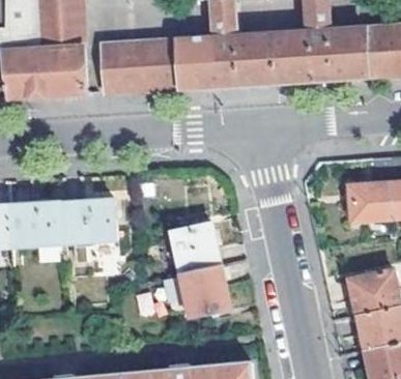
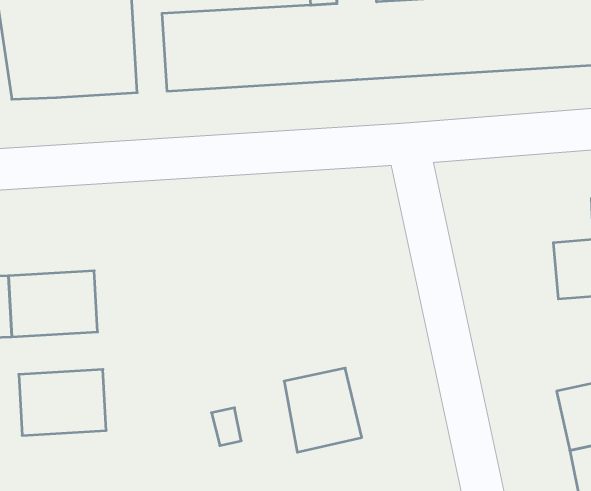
building: [60,201,115,242] -> [19,369,106,435]
building: [170,221,218,273] -> none

